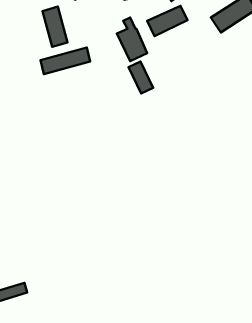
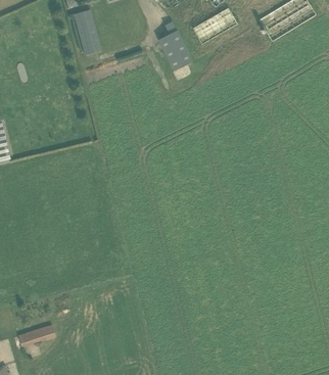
building: [40,48,90,74] -> none
building: [129,62,153,93] -> none

